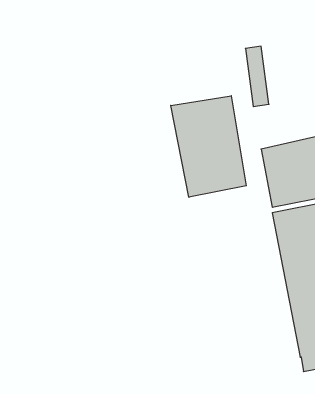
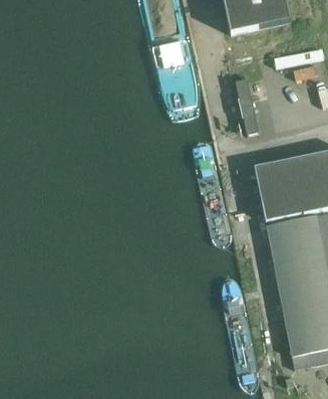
building: [171,96,246,197] -> none

